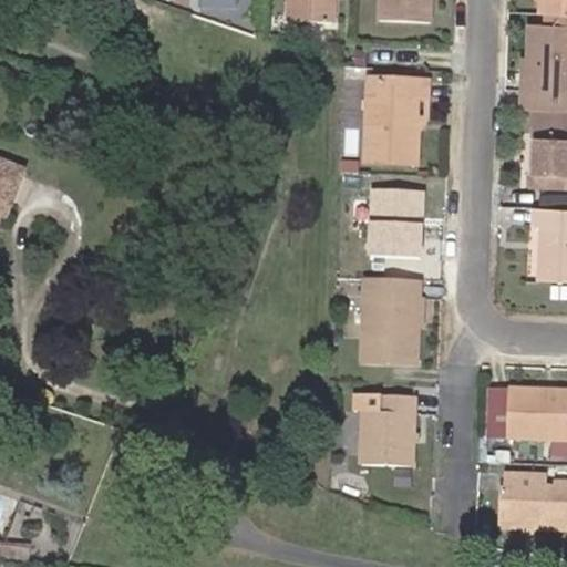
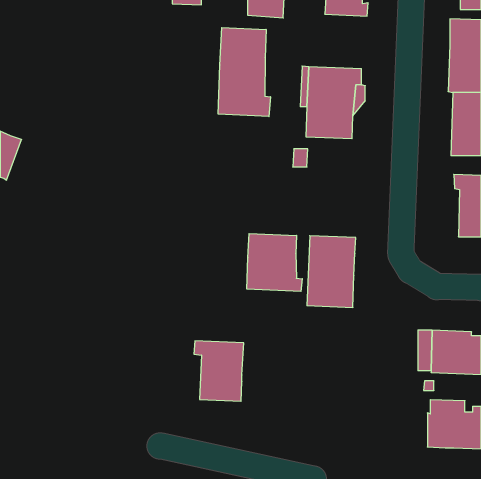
building: none -> [218,28,270,117]
building: [371,190,422,243] -> none
building: none -> [247,234,302,291]
building: [355,396,414,467] -> [194,341,244,401]

